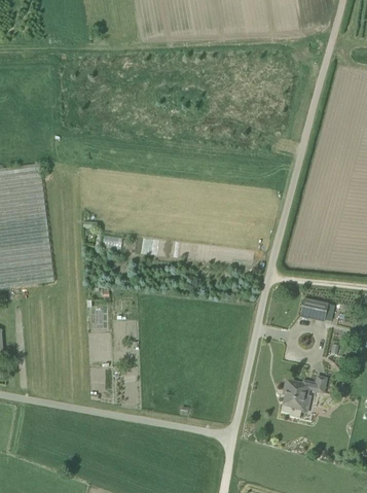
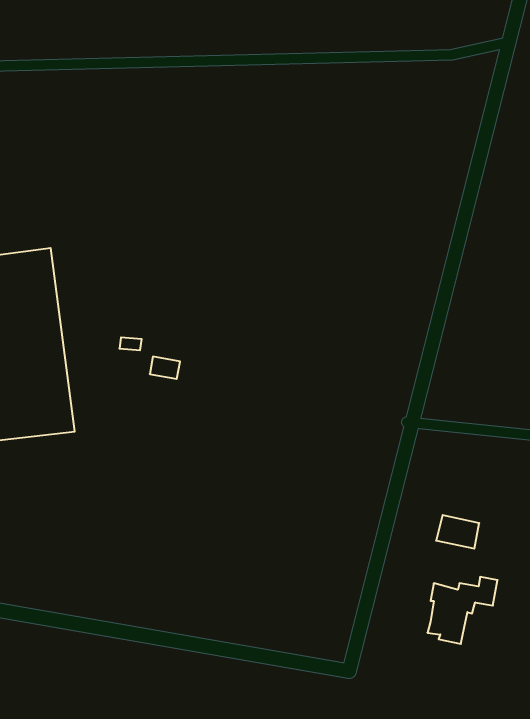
building: [299,298,327,320] -> [436,515,479,549]

